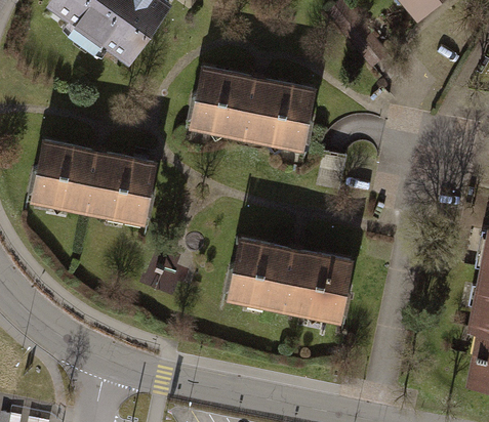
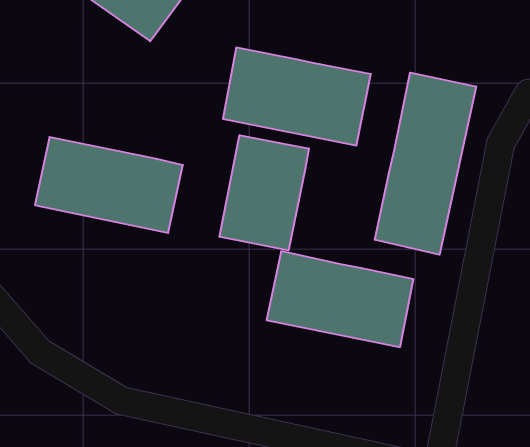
building: none -> [375,73,476,255]
building: none -> [219,135,309,250]

